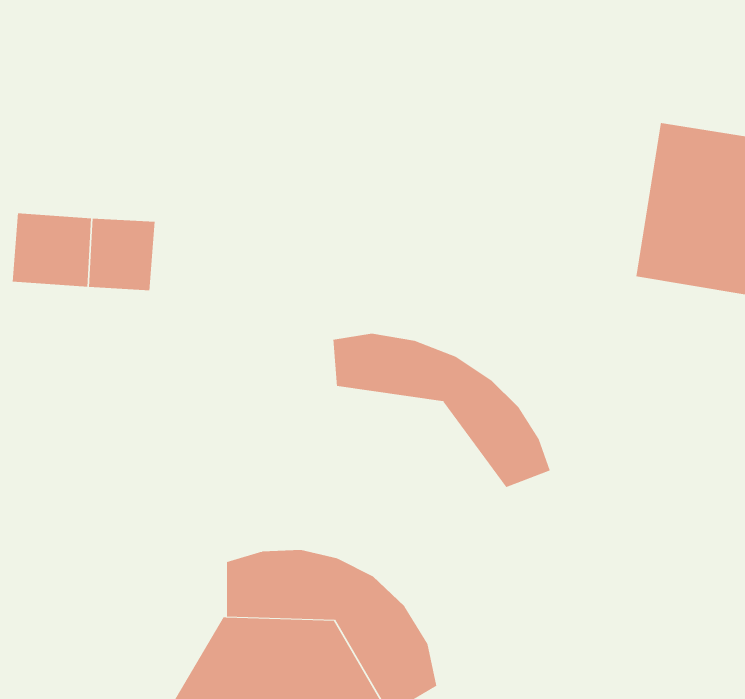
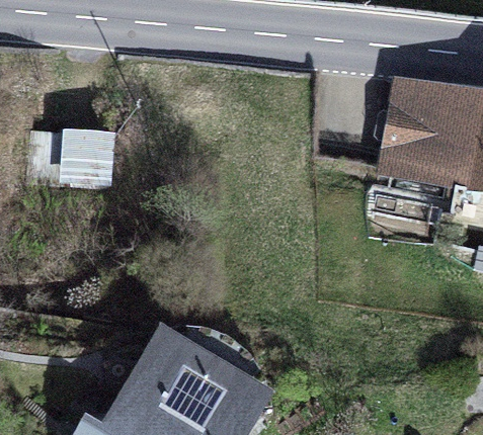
building: [333,333,550,488] -> none

